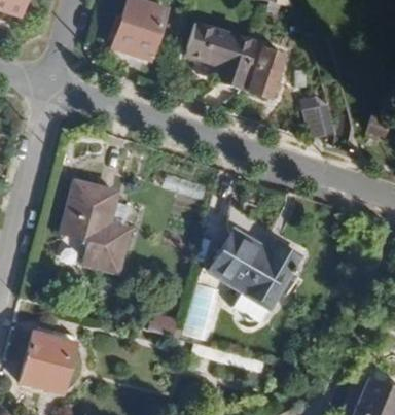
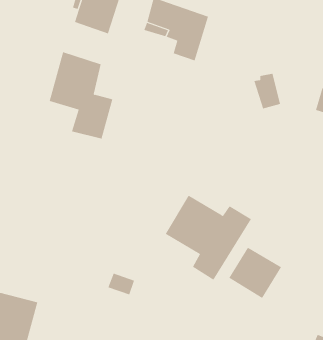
building: [243,39,285,99] -> none
building: [61,179,129,272] -> [49,51,113,139]
building: none -> [229,247,282,299]

